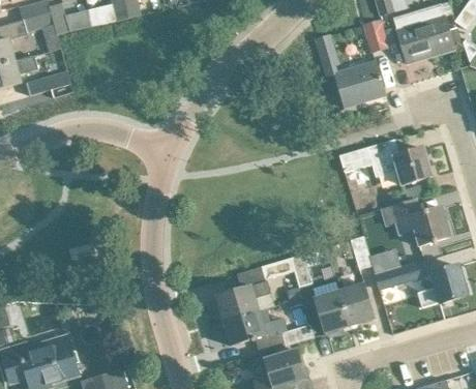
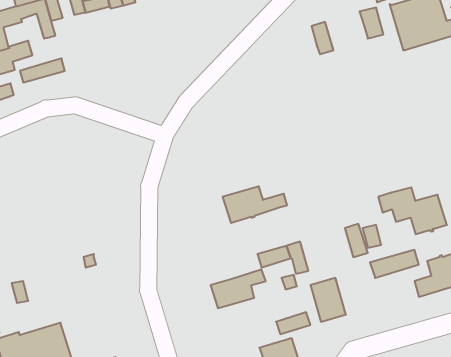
building: [333,61,385,107] -> none
building: [338,140,432,185] -> none
building: [339,282,374,326] -> none
building: [222,309,287,346] -> [223,186,287,223]

